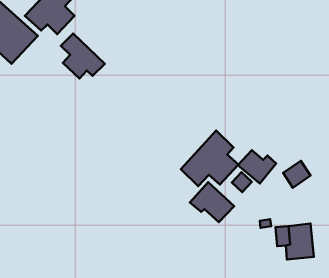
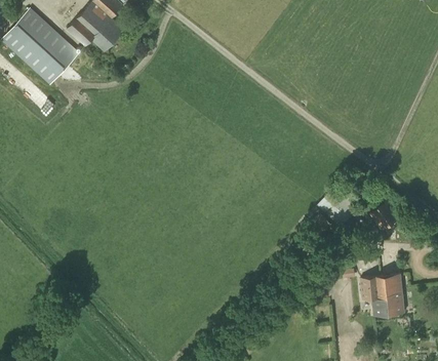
building: [61,34,105,79] -> none
building: [181,131,239,186] -> none
building: [190,182,234,222] -> none

